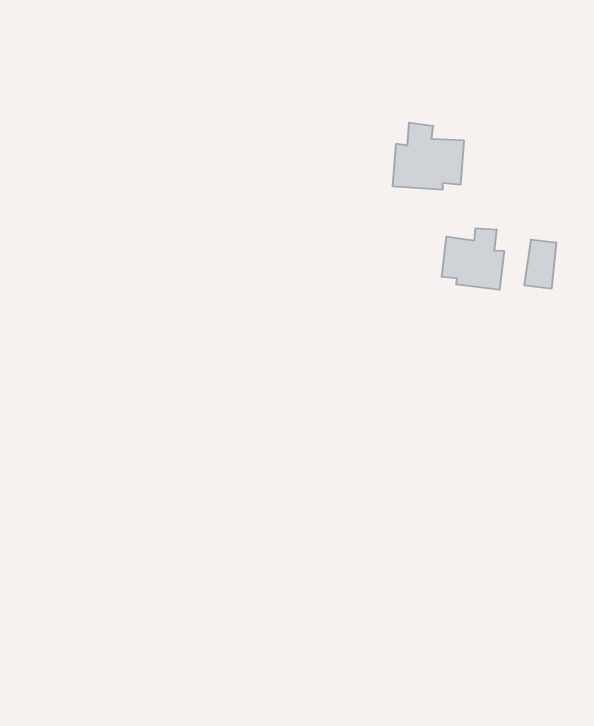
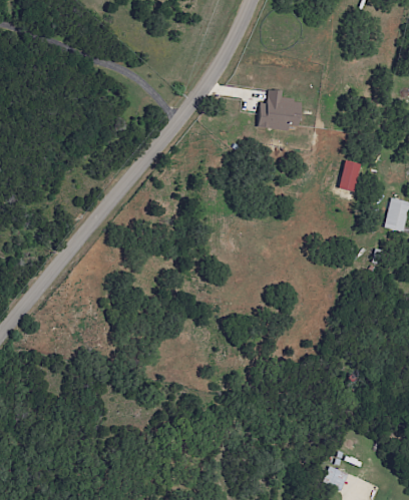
building: [442,228,504,290] -> none

